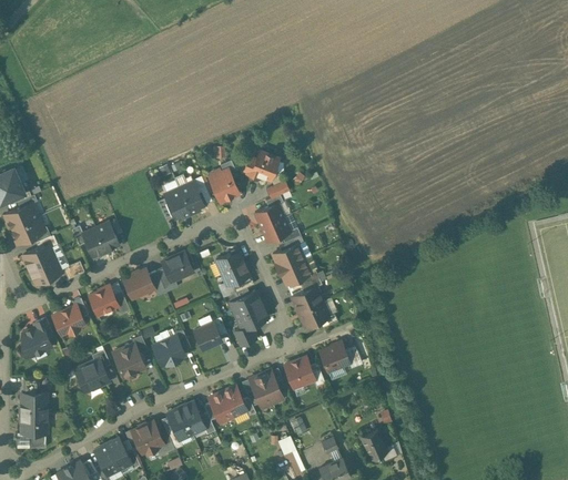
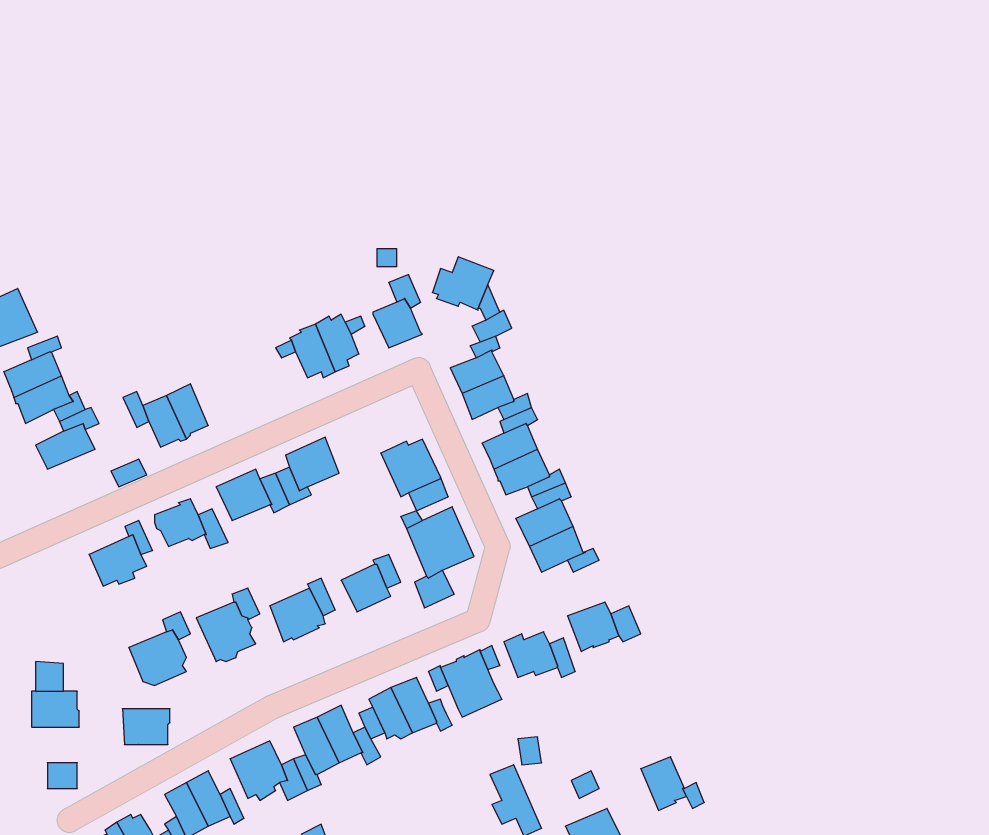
building: [29,258,61,284] -> none
building: [21,318,53,357] -> none
building: [20,413,47,433] -> [122,709,170,744]

